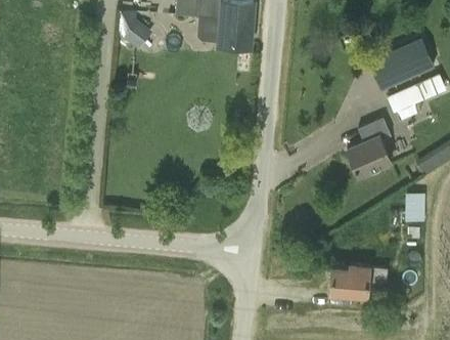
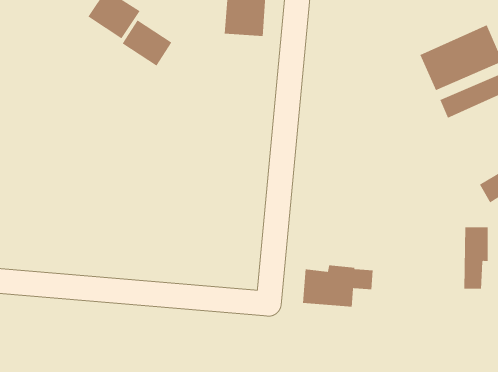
building: none -> [122,19,172,67]
building: [348,120,391,177] -> none
building: [329,264,385,297] -> [302,265,374,307]

